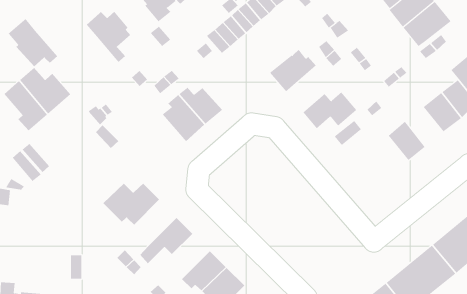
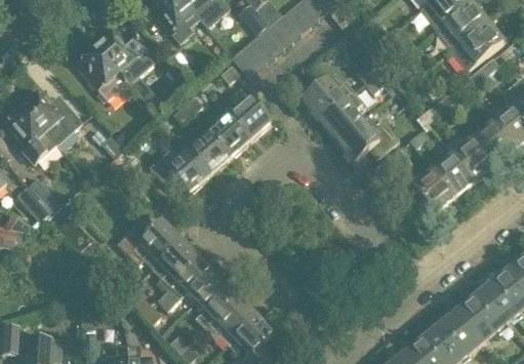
building: [7,18,58,67] -> [79,44,135,98]
building: none -> [229,86,272,138]
building: none -> [321,89,364,141]
building: none -> [453,135,495,179]
building: none -> [151,144,210,191]
building: none -> [413,167,456,212]
building: none -> [153,238,200,289]
building: none -> [195,276,237,326]

